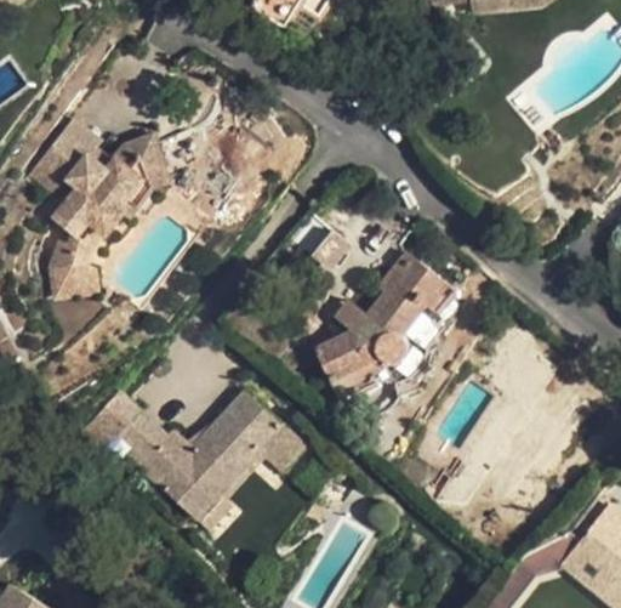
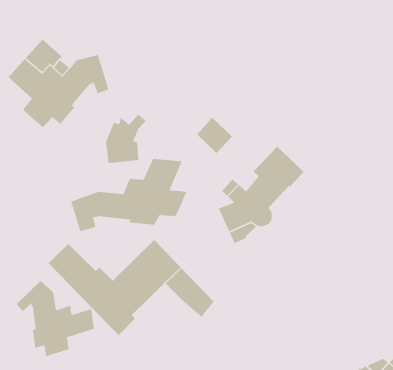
building: [50,228,106,300] -> [105,114,147,164]
building: none -> [70,158,187,232]
building: none -> [16,280,95,357]

